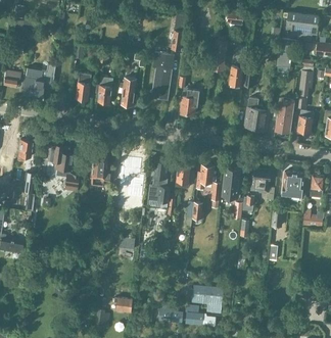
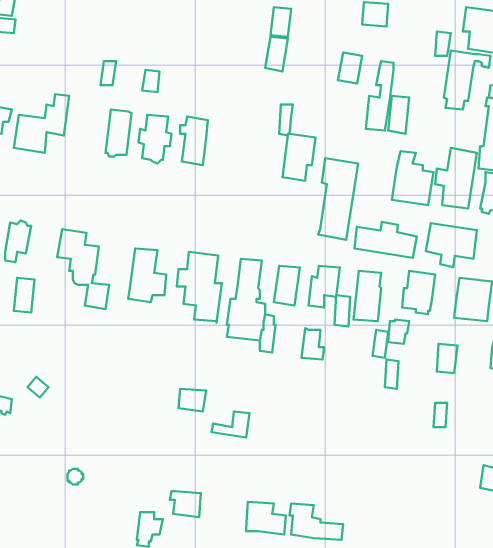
building: [151,53,175,101] -> [318,158,358,240]
building: none -> [355,222,417,258]
building: none -> [426,223,477,267]
building: [193,286,224,305] -> none

